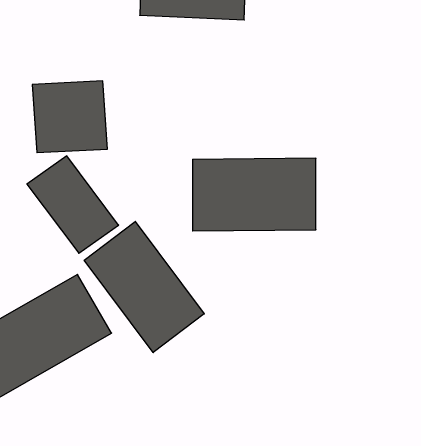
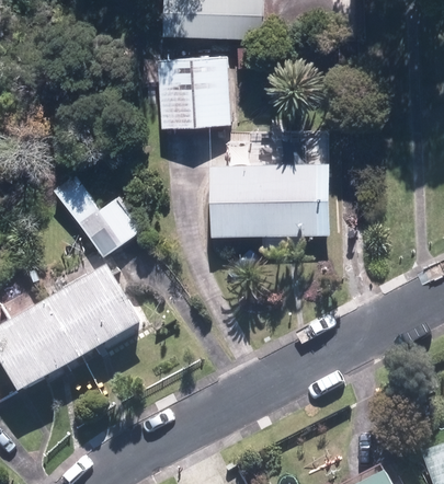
building: [32,81,107,153] -> [159,60,229,127]
building: [84,221,204,353] -> none

